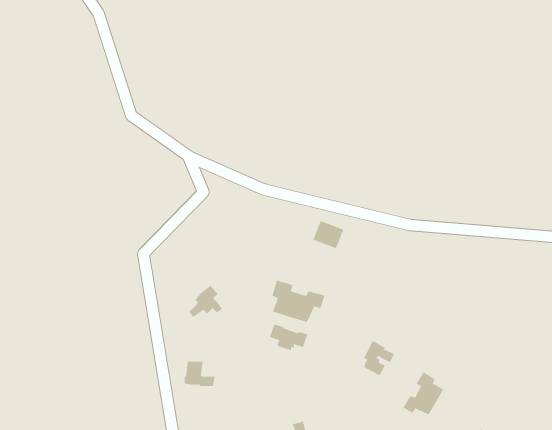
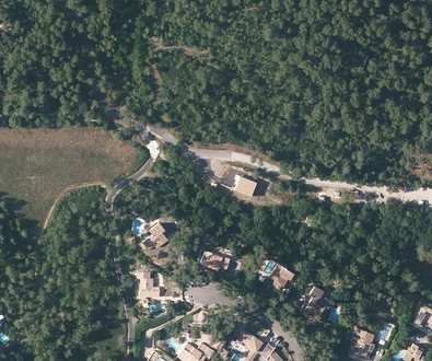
building: [272,280,325,323] -> none

